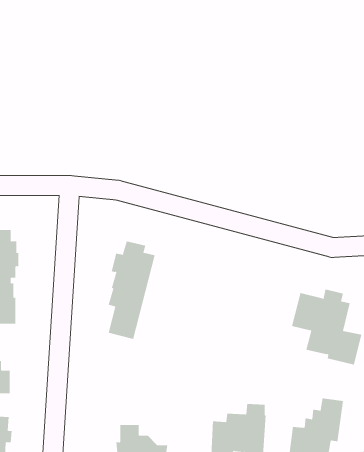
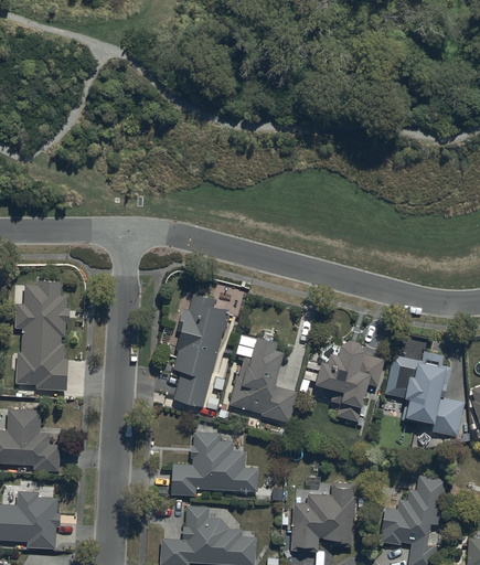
building: none -> [230,334,298,424]
building: none -> [317,340,385,422]
building: none -> [171,433,258,495]

